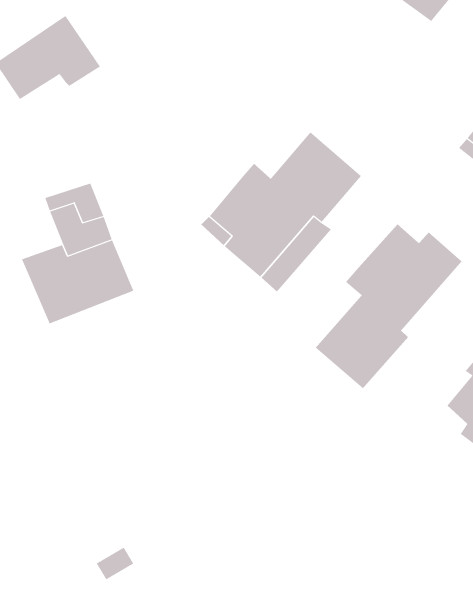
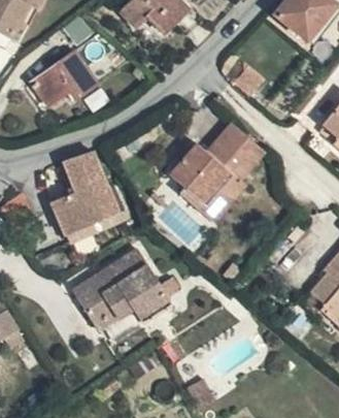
building: [315,224,462,389] -> none
building: none -> [70,250,172,331]

